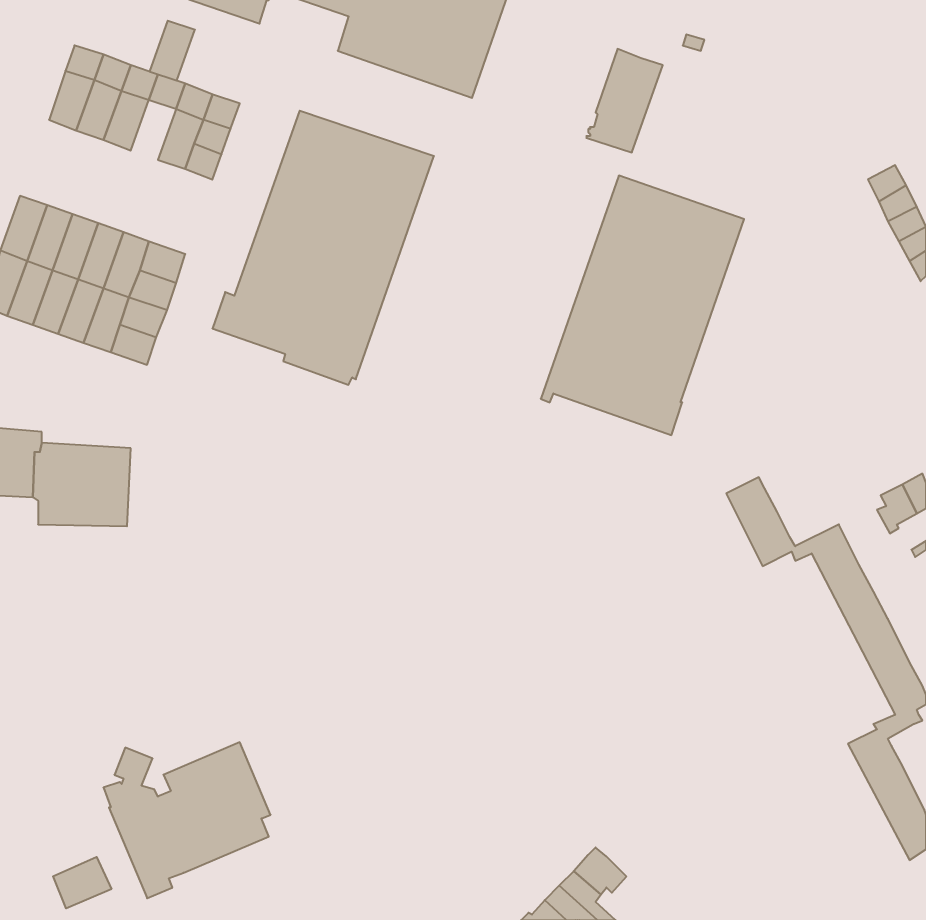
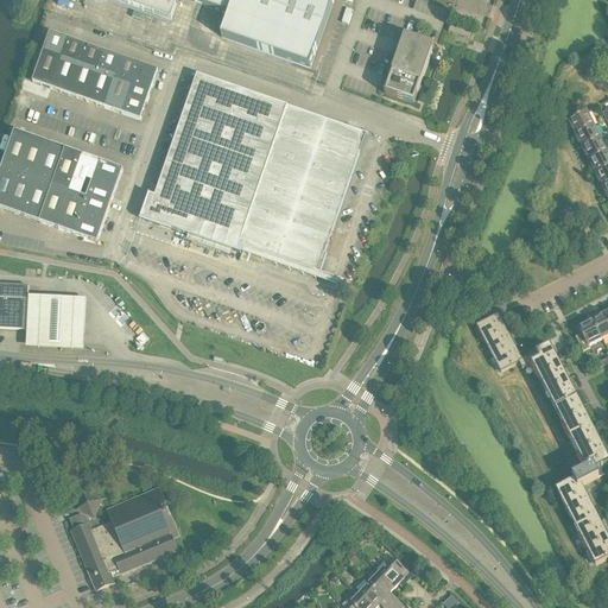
building: [149,21,195,81] -> [86,65,115,104]
building: [541,176,744,435] -> [233,102,366,272]
building: [53,857,111,908] -> none

